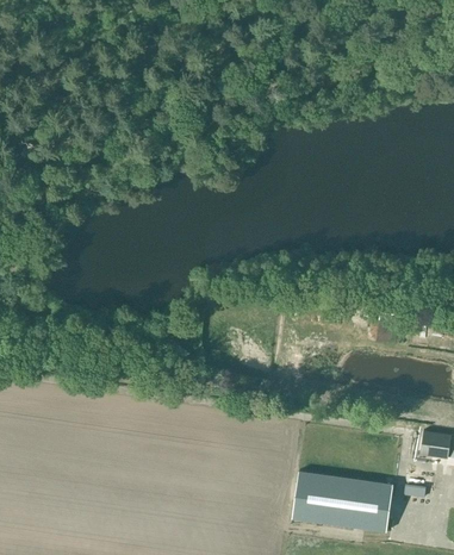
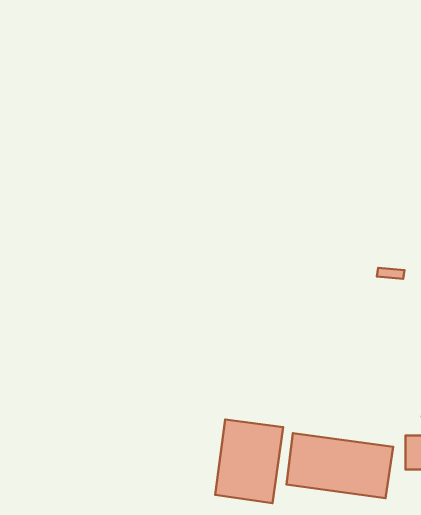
building: none -> [215,420,283,503]

